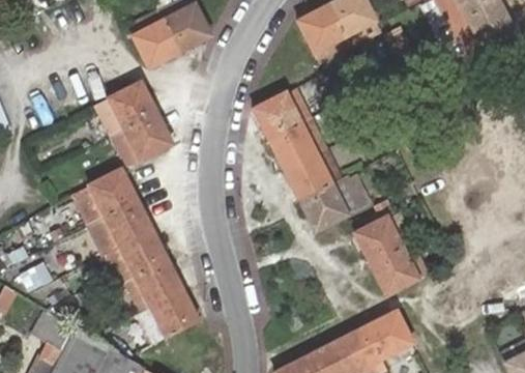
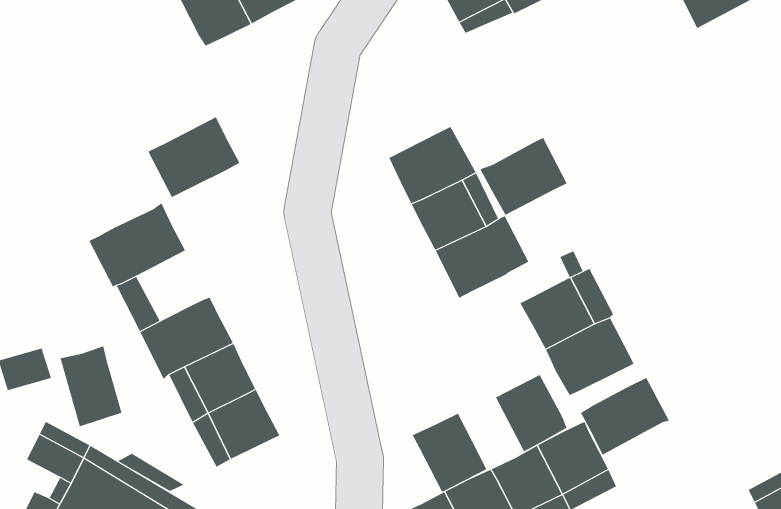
building: [96,82,156,135] -> none
building: [252,88,309,139] -> [480,137,567,215]
building: [105,199,152,245] -> none
building: none -> [60,346,122,427]
building: none -> [495,374,567,452]
building: none -> [580,377,670,456]
building: none -> [412,413,487,492]

